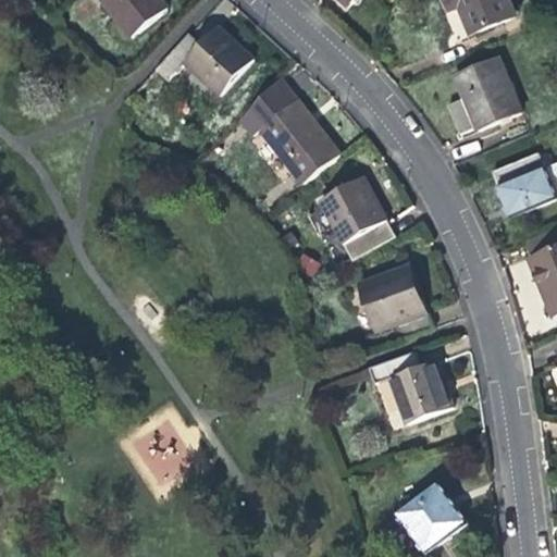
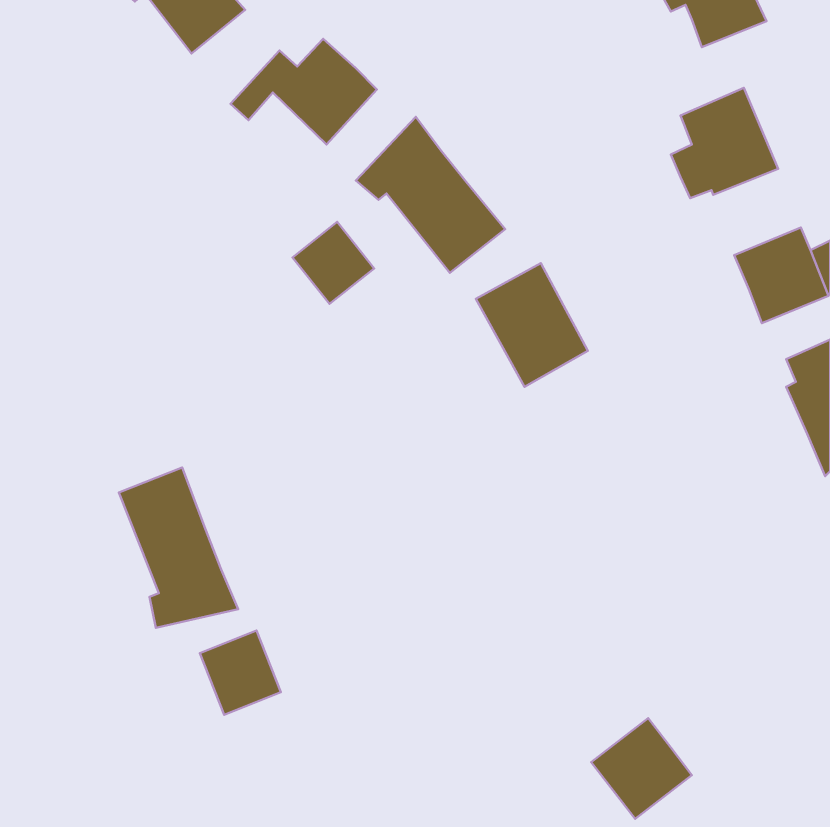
building: none -> [293,222,374,304]
building: [358,265,433,337] -> none
building: none -> [119,467,238,628]
building: [369,348,451,421] -> none

